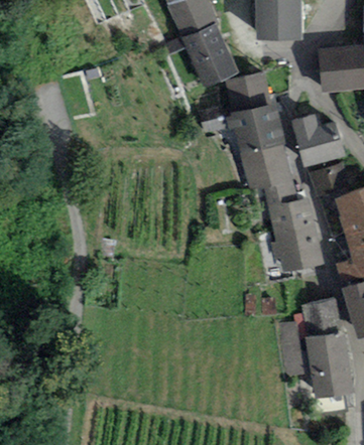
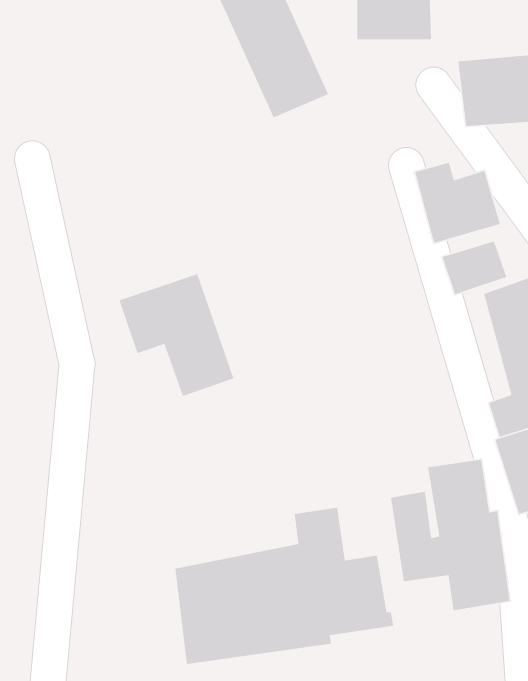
building: [199,70,323,271] -> none
building: none -> [119,273,235,396]
building: none -> [175,507,394,665]

